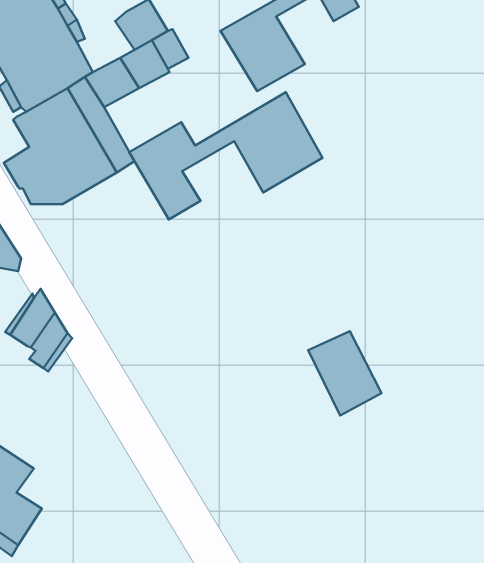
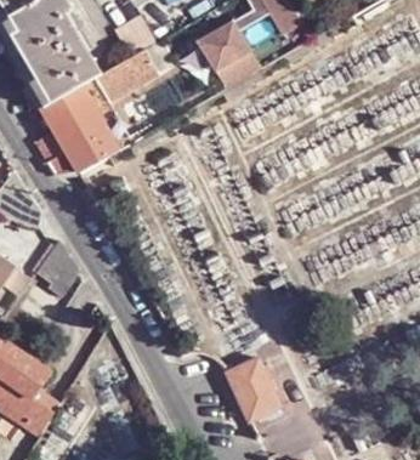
building: [129,92,322,219] -> none
building: [308,331,382,416] -> [220,357,276,421]

